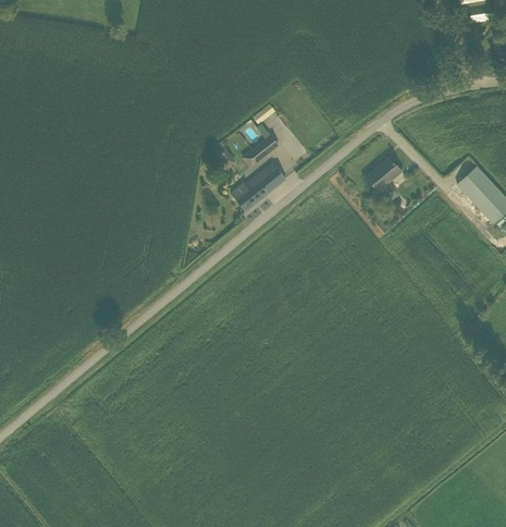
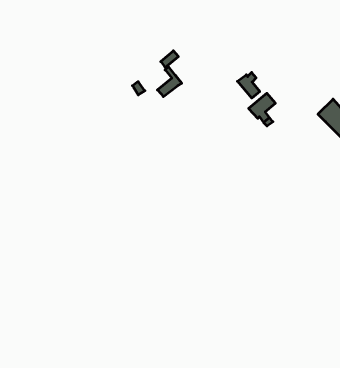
building: none -> [237,72,260,98]
building: [230,161,285,210] -> none

